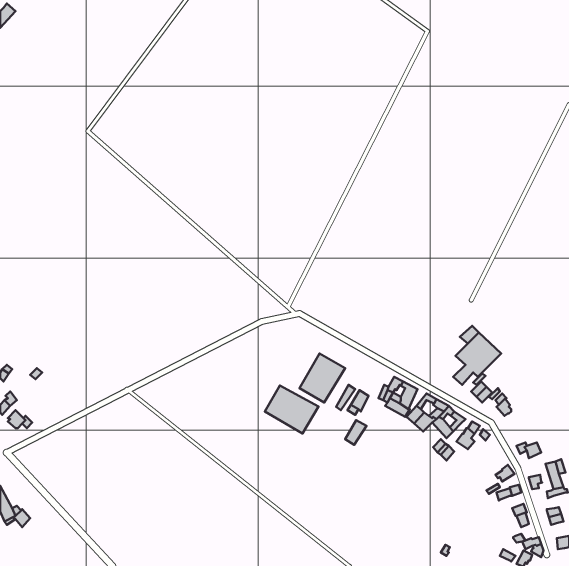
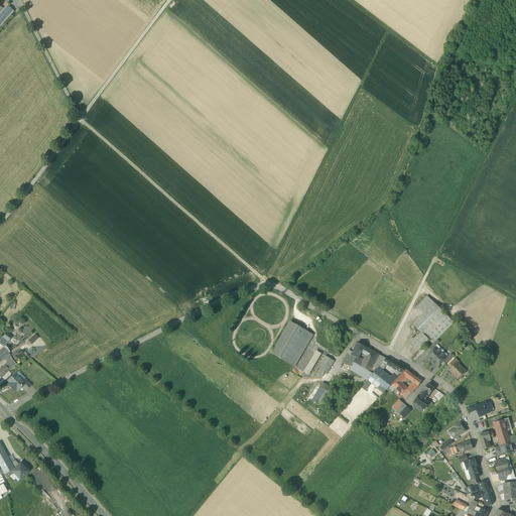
building: [265,385,318,433] -> none

